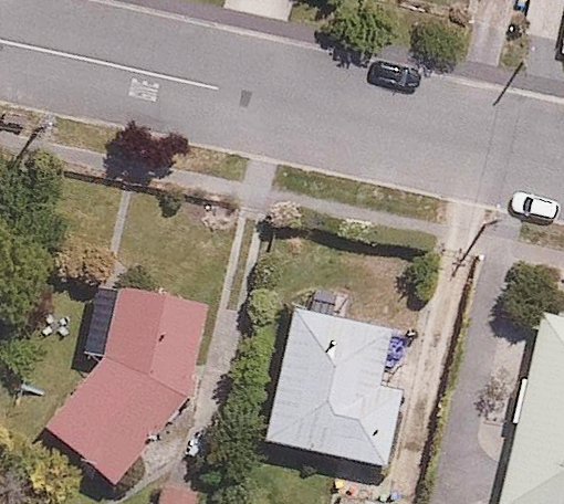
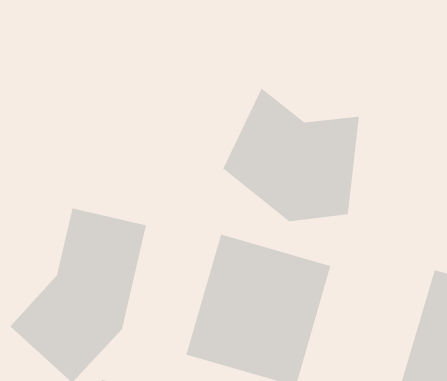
building: none -> [222,88,360,222]

